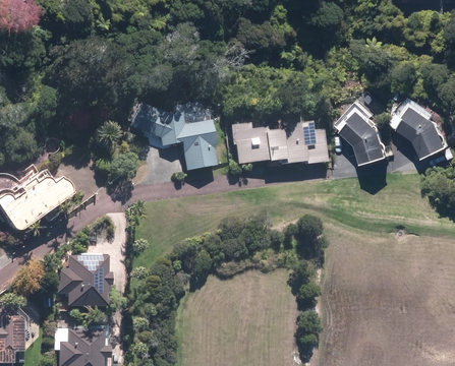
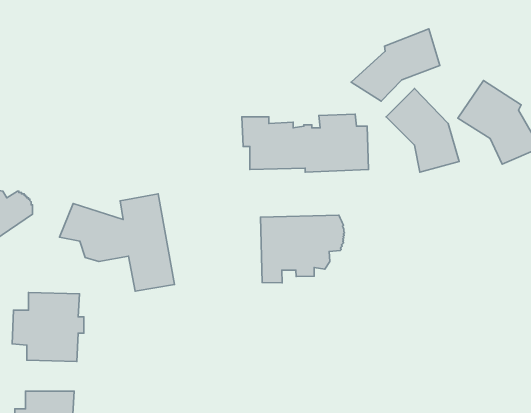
building: none -> [351,29,440,101]
building: [129,97,216,170] -> [60,194,174,291]
building: none -> [261,215,344,283]

